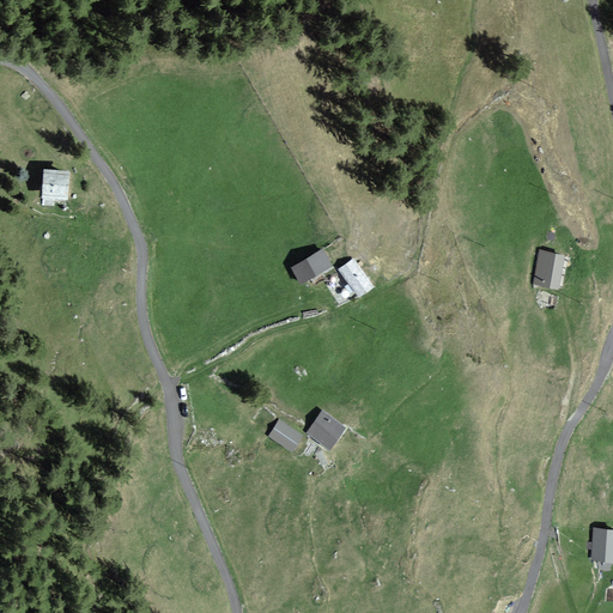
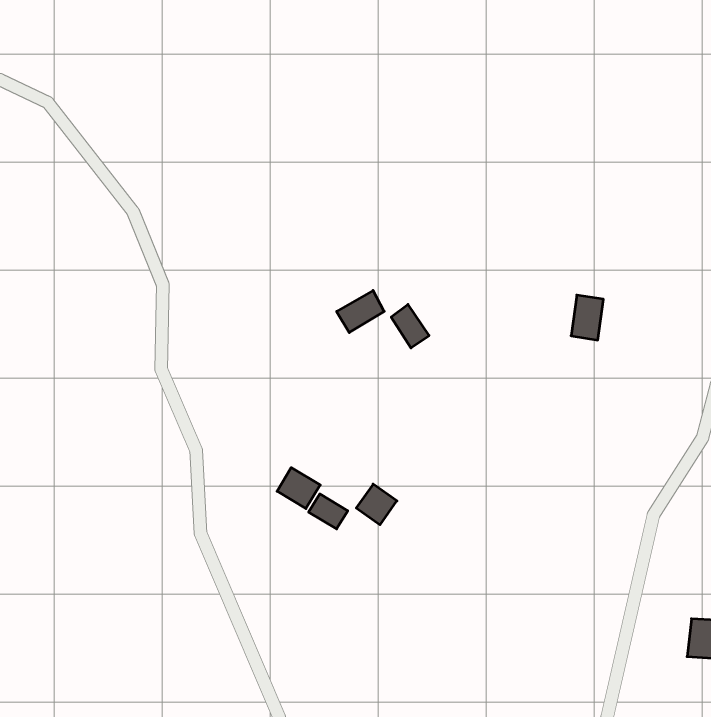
building: [43,170,68,196] -> none
building: [535,250,563,289] -> [571,295,603,340]
building: none -> [277,468,320,509]

